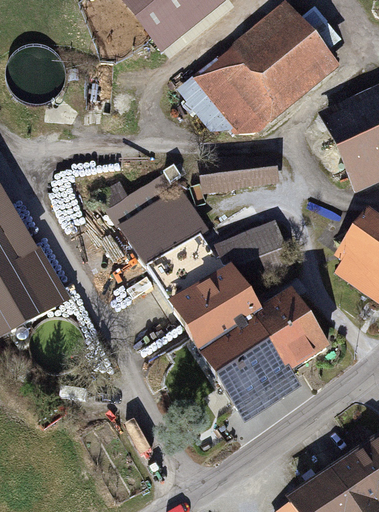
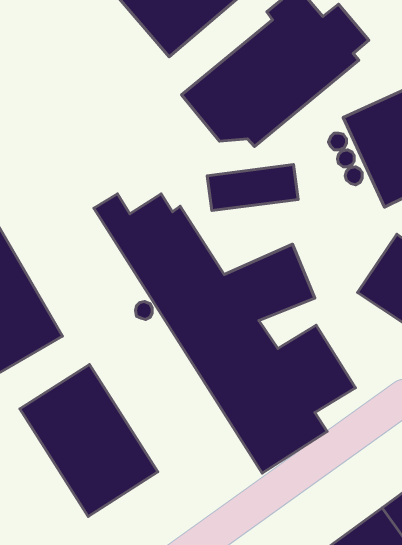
building: none -> [20,364,158,517]

